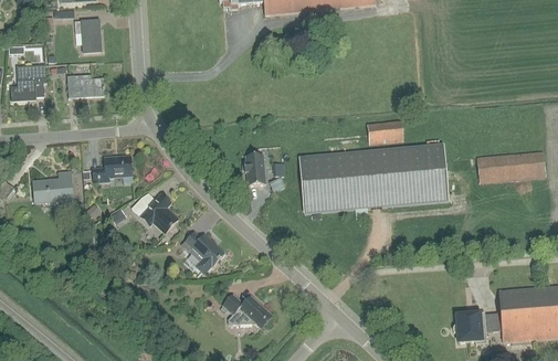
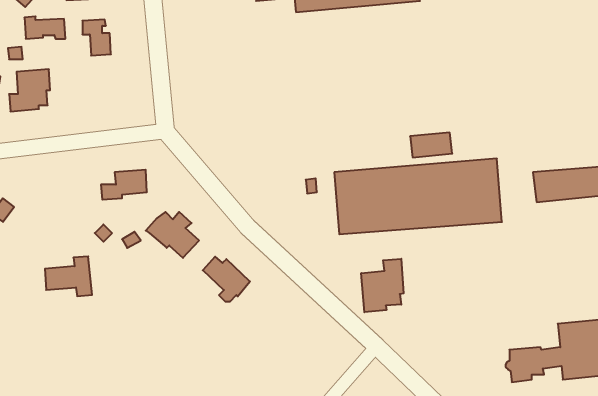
building: [67,76,104,96] -> [24,16,65,39]
building: [244,155,265,185] -> none
building: [33,171,75,206] -> [45,256,92,296]
building: none -> [361,259,404,312]
building: [223,295,273,329] -> none

